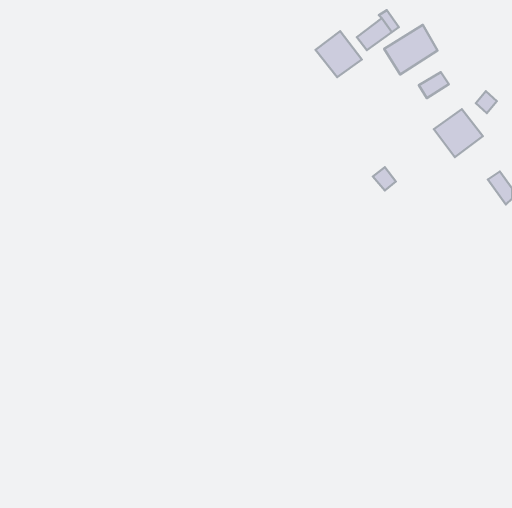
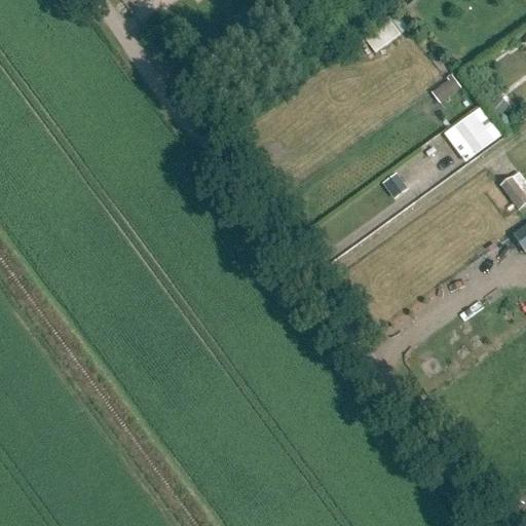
building: [384,25,438,75] -> none
building: [316,31,362,77] -> none

